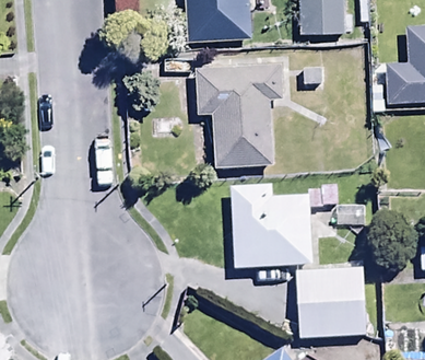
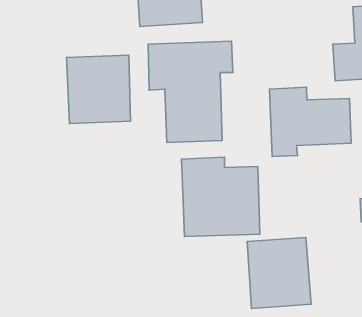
building: none -> [67,55,131,123]
building: none -> [270,87,351,157]

